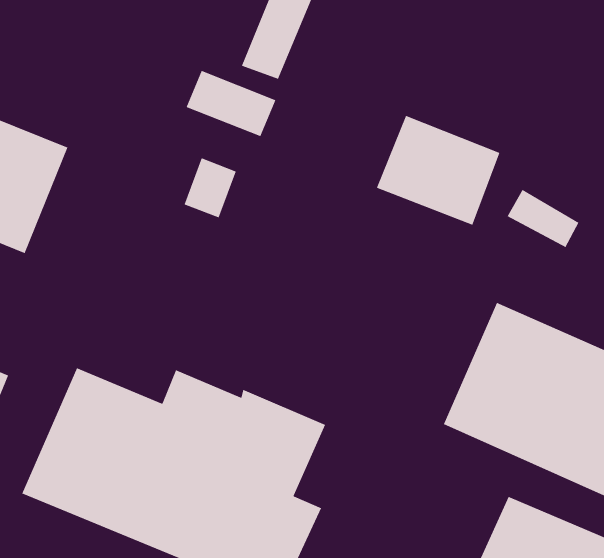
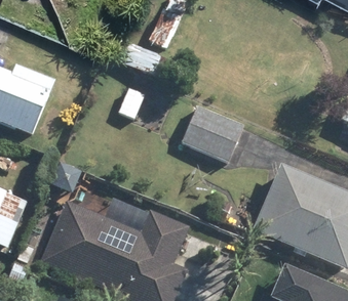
building: [376,115,501,226] -> [180,106,244,164]

